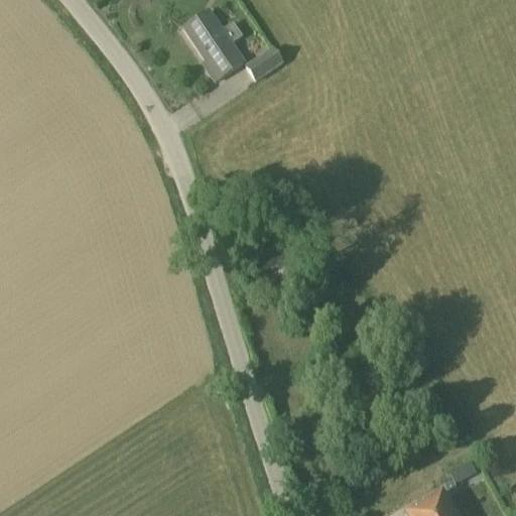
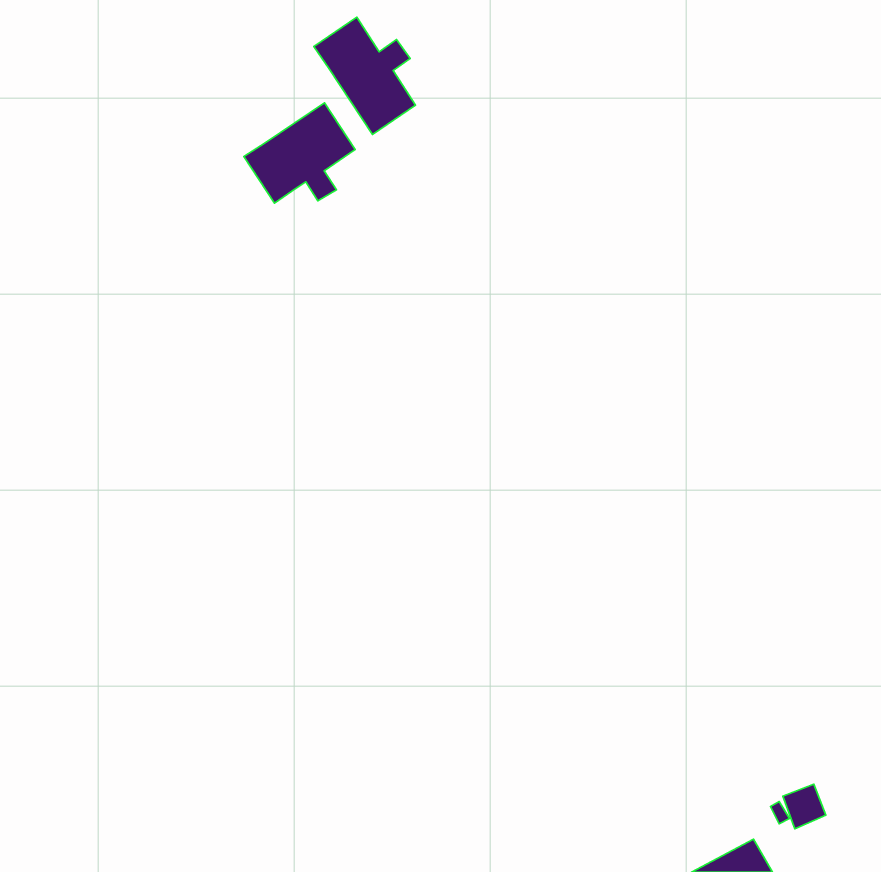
building: [246,48,282,81] -> none
building: none -> [244,103,355,203]

